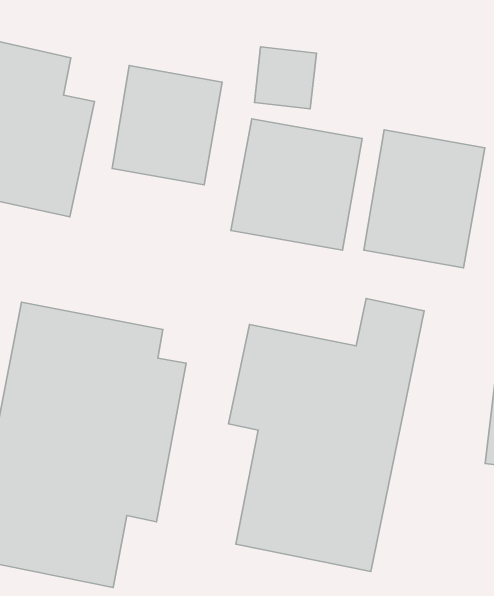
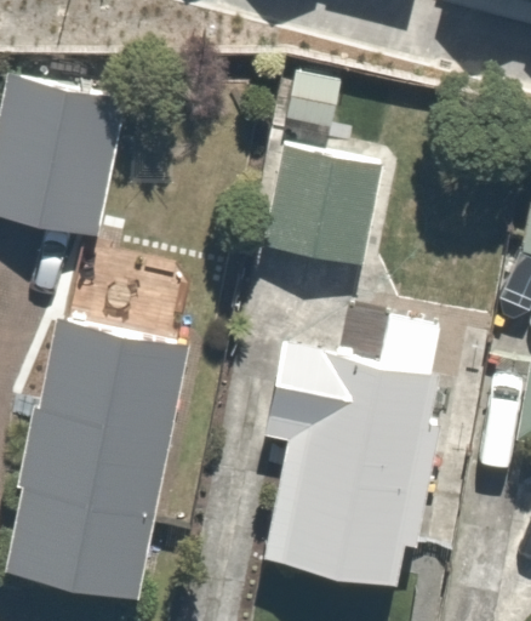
building: [112,66,222,185] -> none
building: [364,130,485,268] -> none

